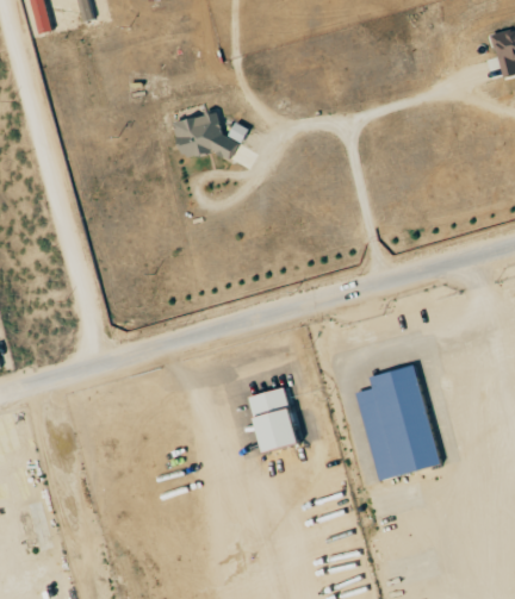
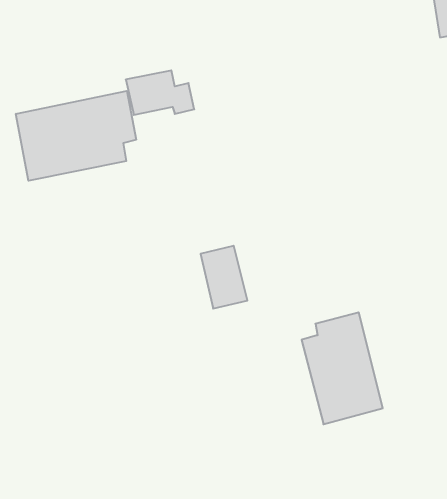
building: none -> [16,91,136,181]
building: [250,386,299,451] -> [201,246,247,309]

